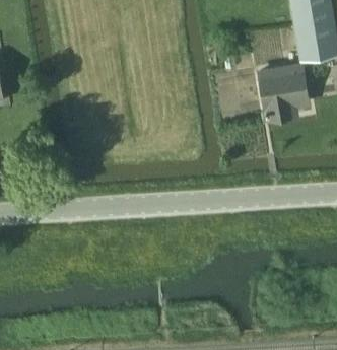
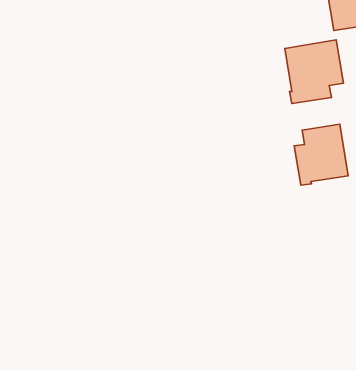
building: none -> [294,124,348,185]

